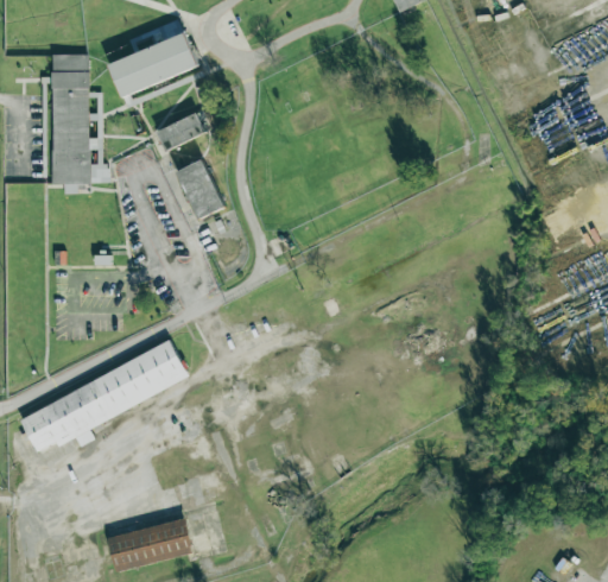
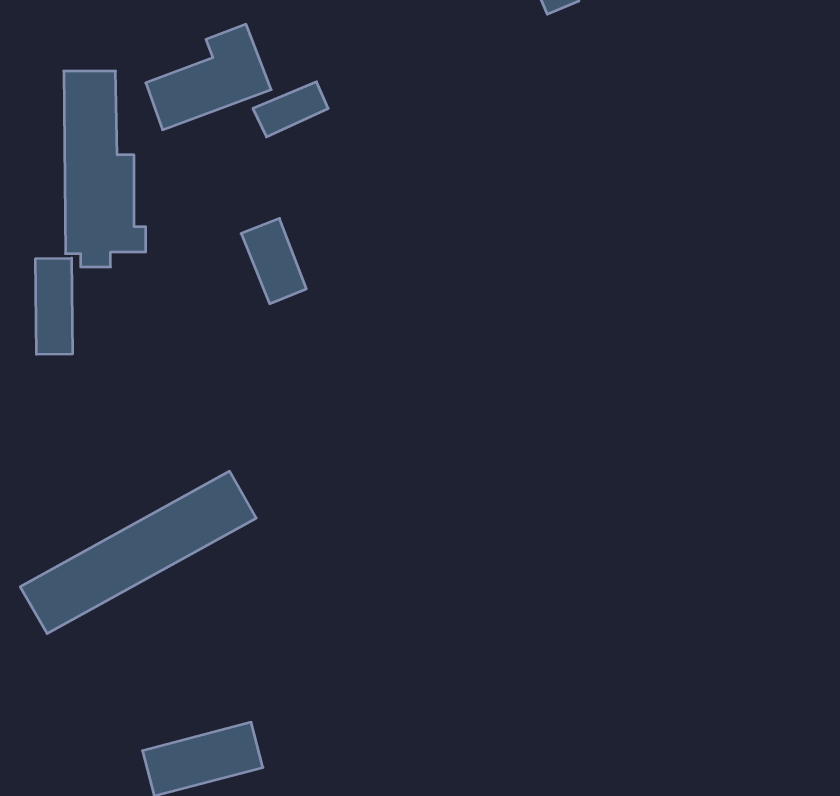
building: [156,112,209,151] -> [253,82,328,137]
building: none -> [36,258,72,354]

